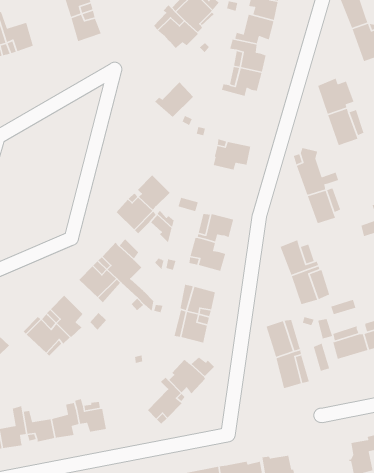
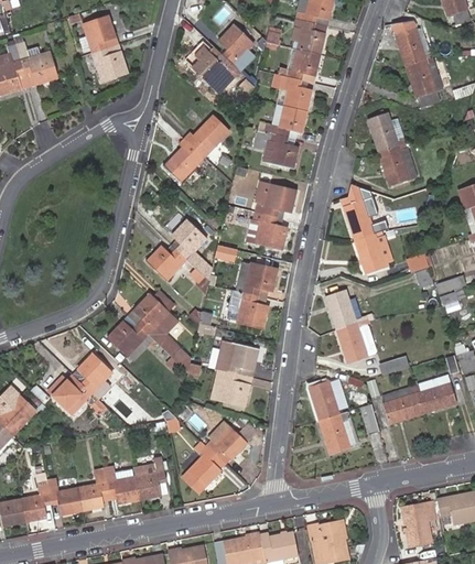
building: none -> [251,129,299,166]
building: none -> [170,141,209,184]
building: none -> [245,210,287,248]
building: none -> [132,458,165,498]

